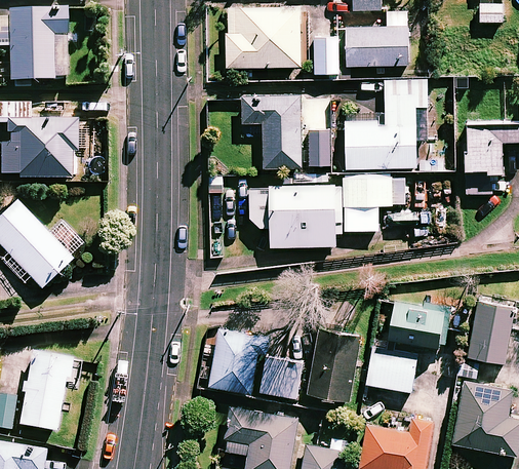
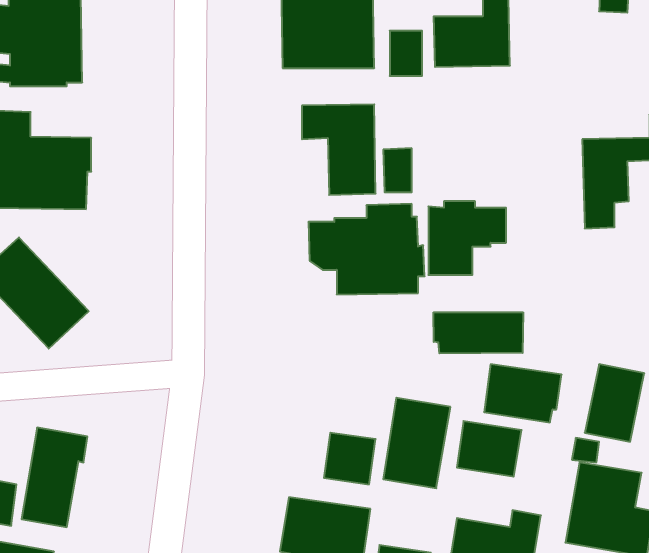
building: [345,80,427,168] -> none
building: none -> [434,312,523,353]
building: [208,329,267,393] -> none

